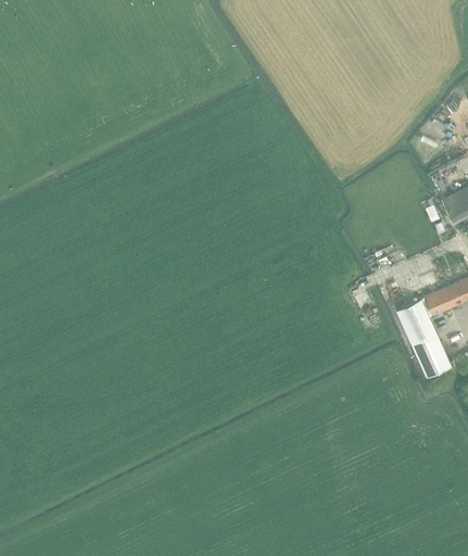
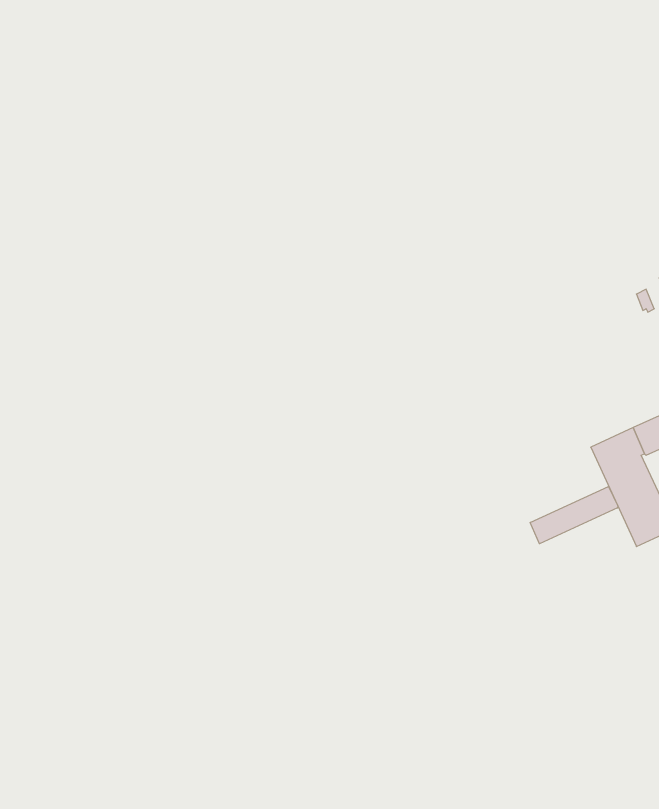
building: none -> [530,486,618,544]

